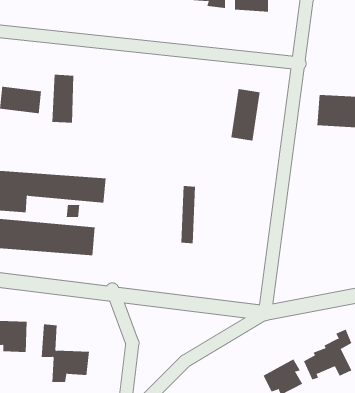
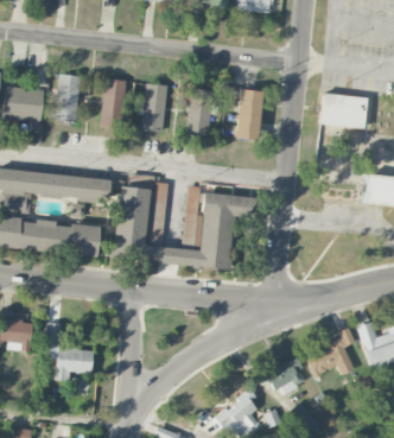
building: none -> [101,78,126,127]
building: none -> [138,83,169,133]
building: none -> [188,89,212,137]
building: none -> [114,174,253,268]

